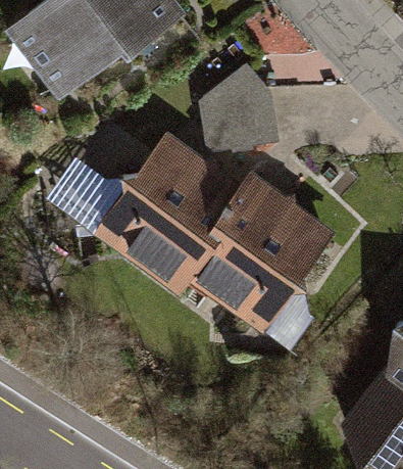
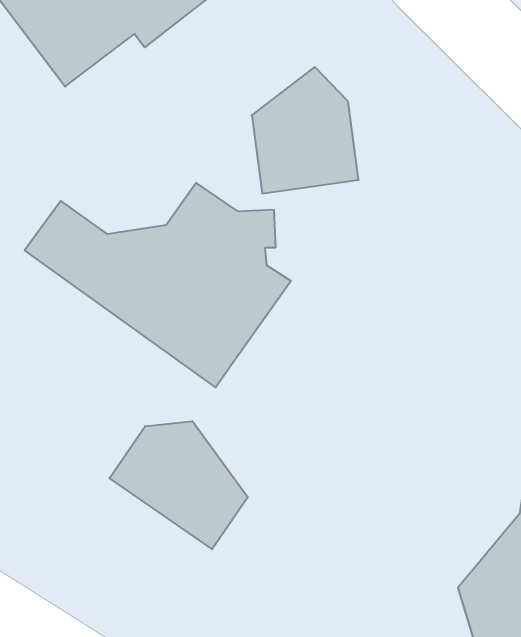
building: [191,197,325,314] -> none
building: none -> [109,421,248,549]

